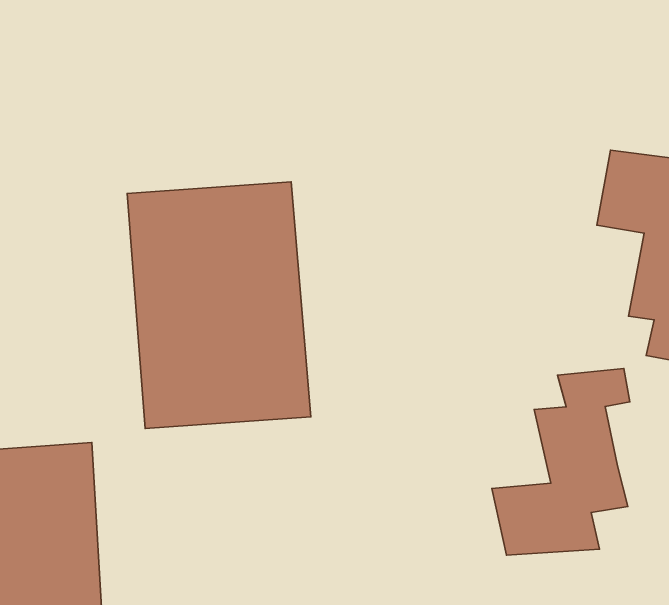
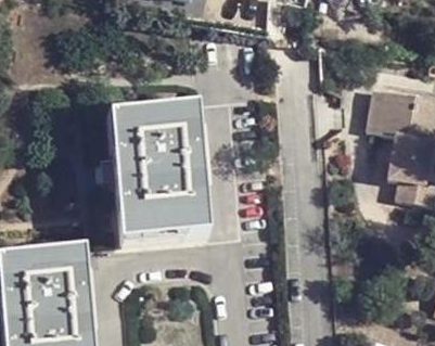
building: [492,369,630,555] -> none

